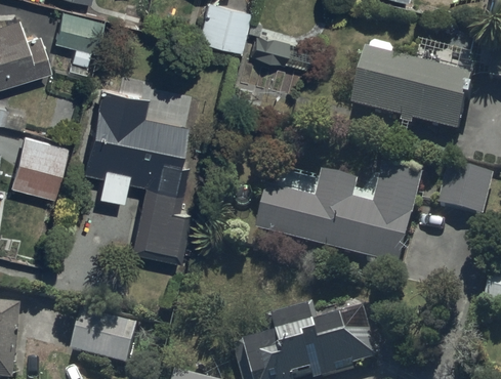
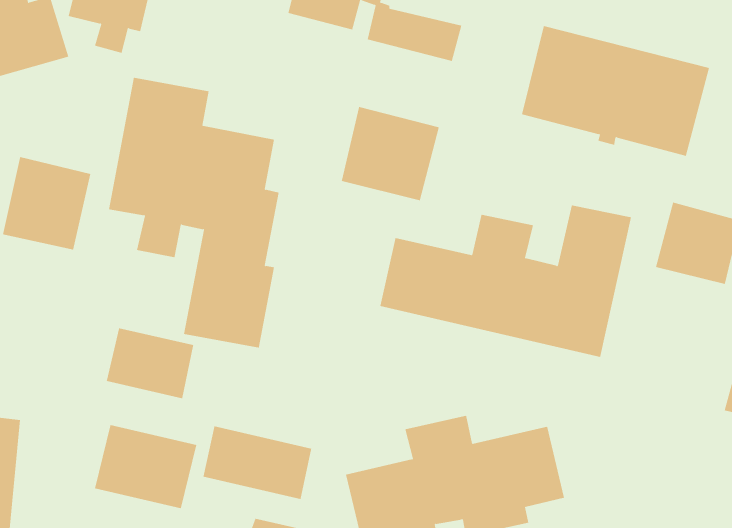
building: none -> [341,106,439,201]
building: none -> [106,327,194,399]
building: none -> [203,426,312,500]

